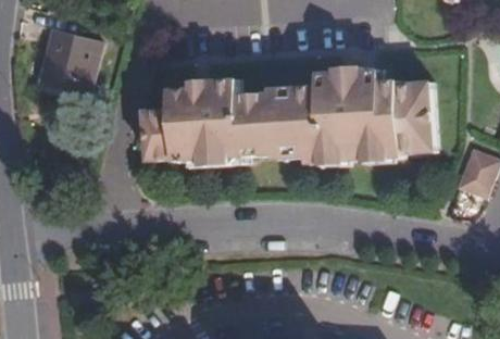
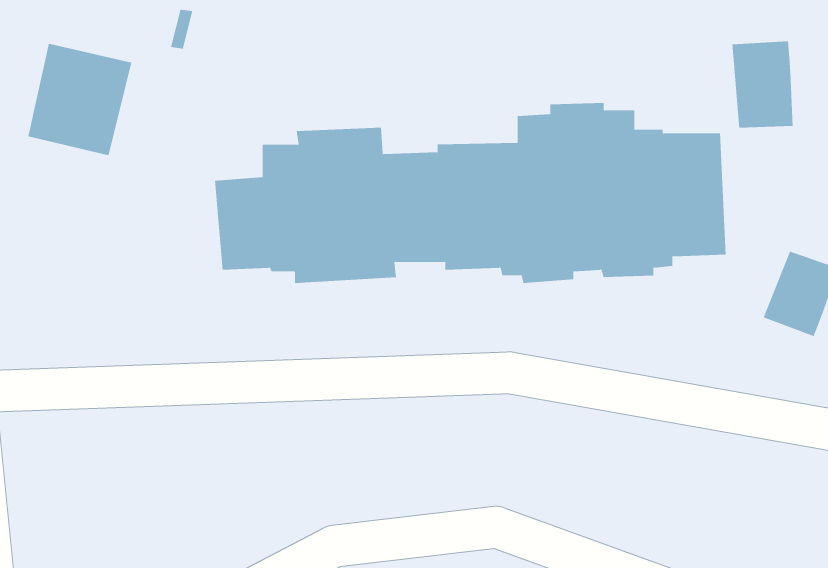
building: none -> [732,41,793,128]

